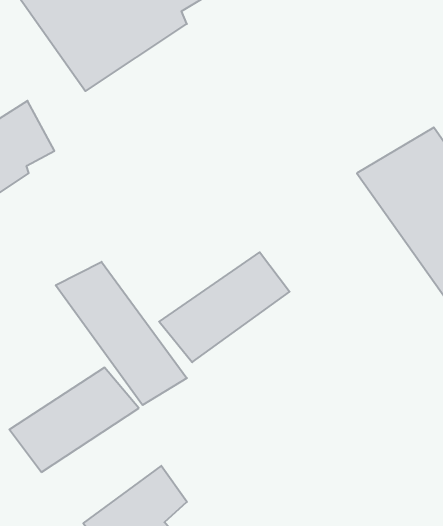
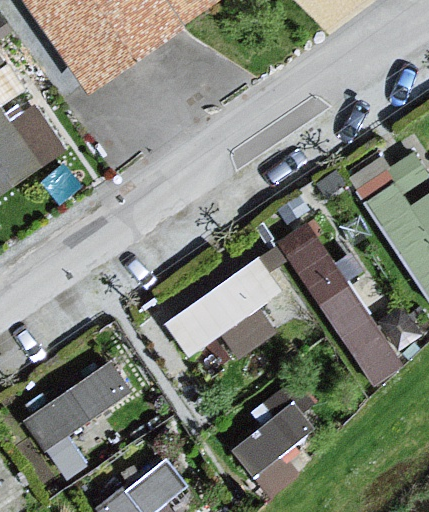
building: none -> [274,220,385,351]
building: [56,262,187,405] -> none
building: none -> [227,396,321,477]

